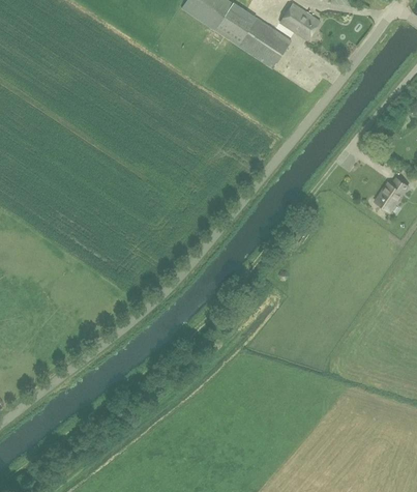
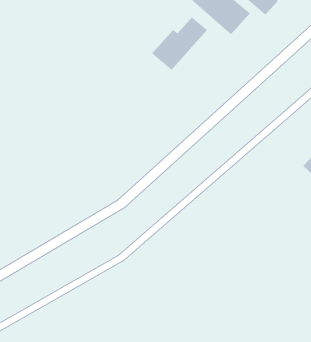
building: none -> [151,16,208,71]

